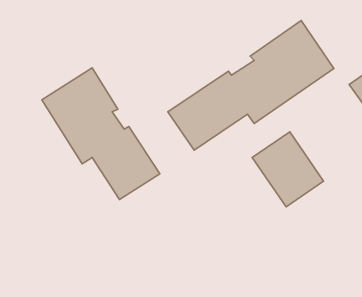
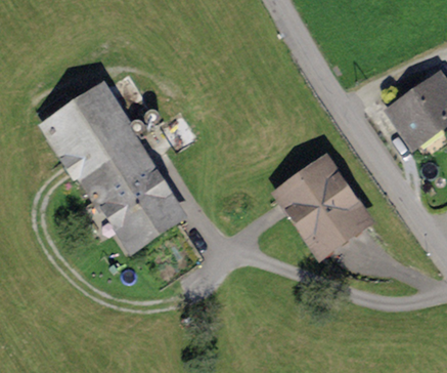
building: [168,21,334,150] -> none

